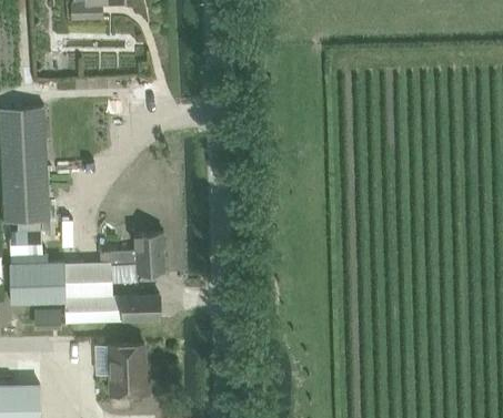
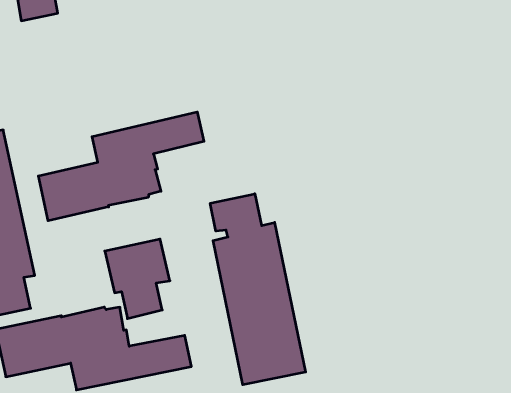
building: none -> [38,112,204,221]
building: none -> [210,194,306,385]

